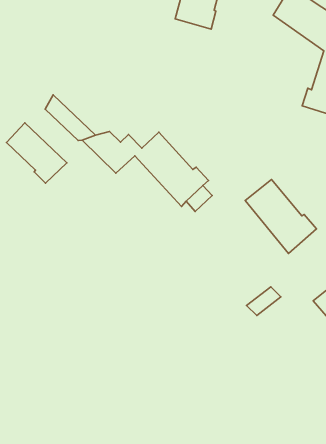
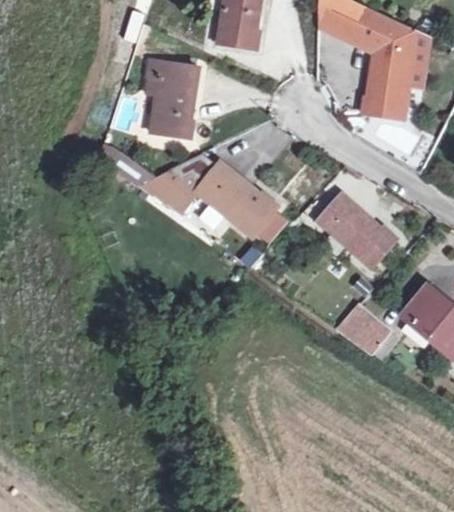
building: none -> [144,59,194,136]
building: [7,123,67,183] -> none
building: none -> [348,314,391,354]

